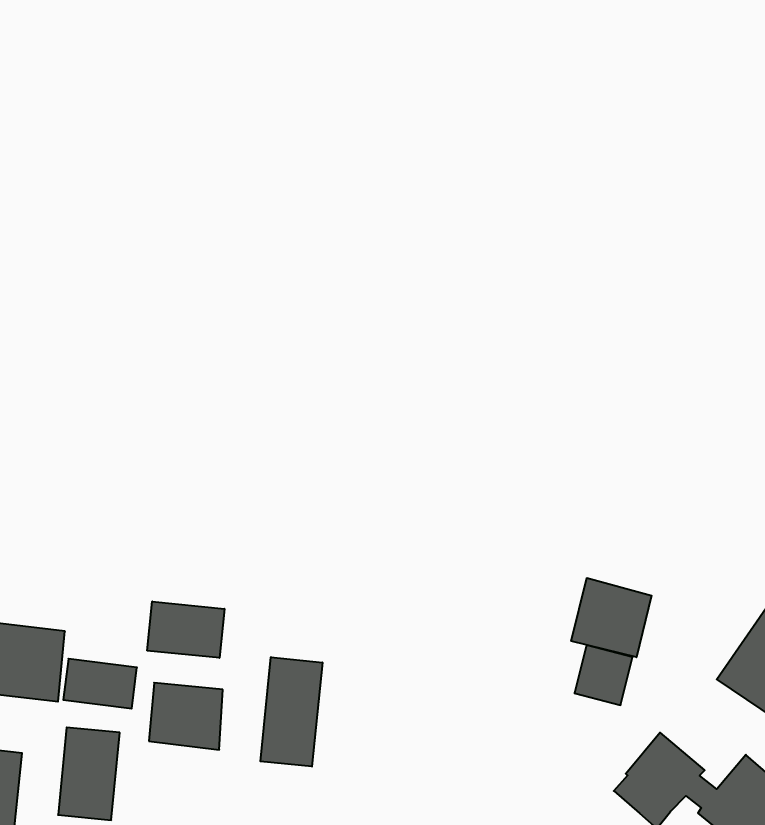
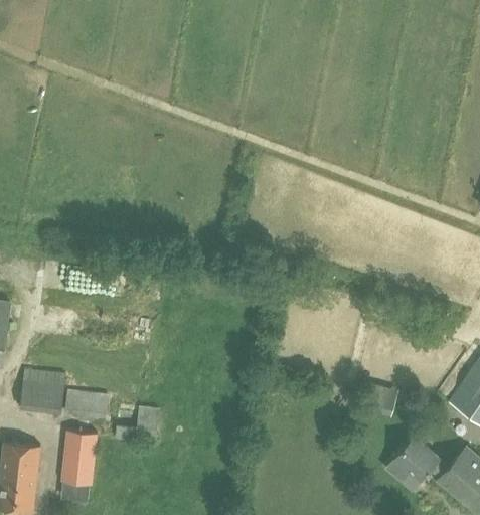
building: [571,578,652,657] -> none
building: [147,601,224,658] -> none
building: [260,657,322,767] -> none

